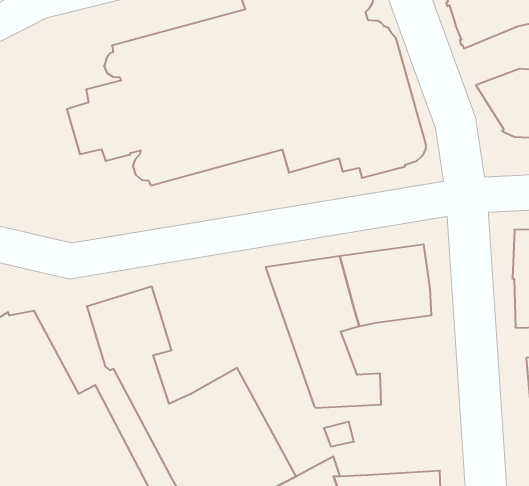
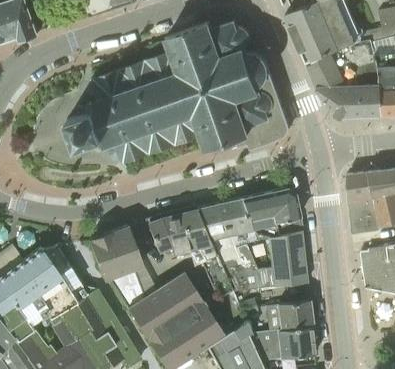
building: none -> [308,53,343,87]
building: none -> [146,208,232,298]
building: none -> [267,230,306,287]
building: none -> [265,300,312,331]

